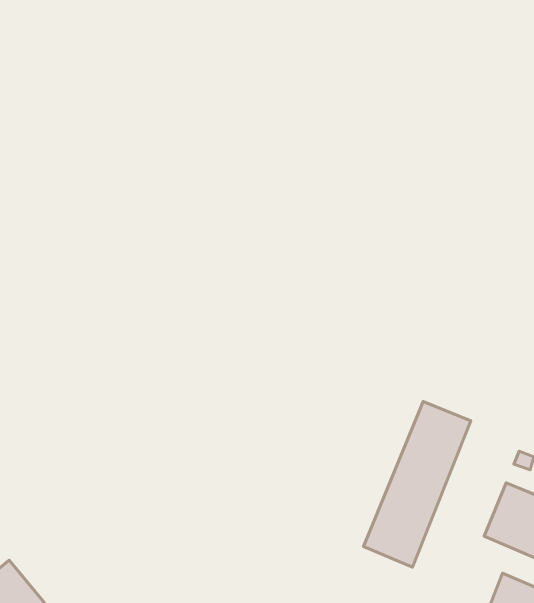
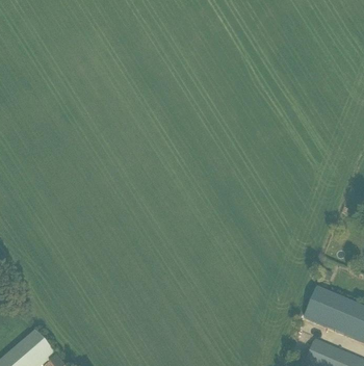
building: [364,401,471,567] -> none

